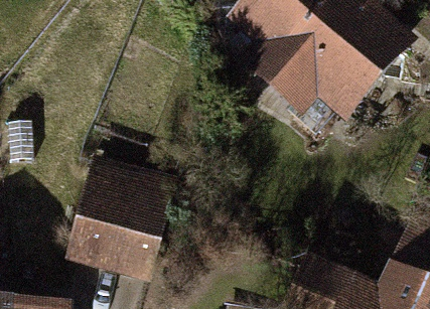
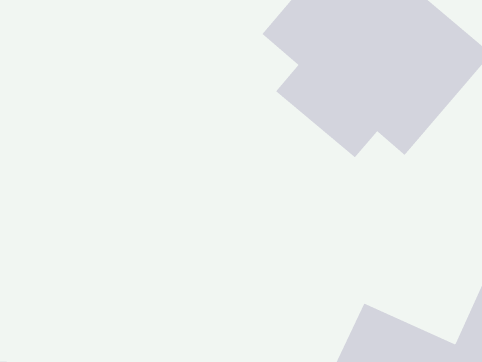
building: [62,167,175,286] -> none

